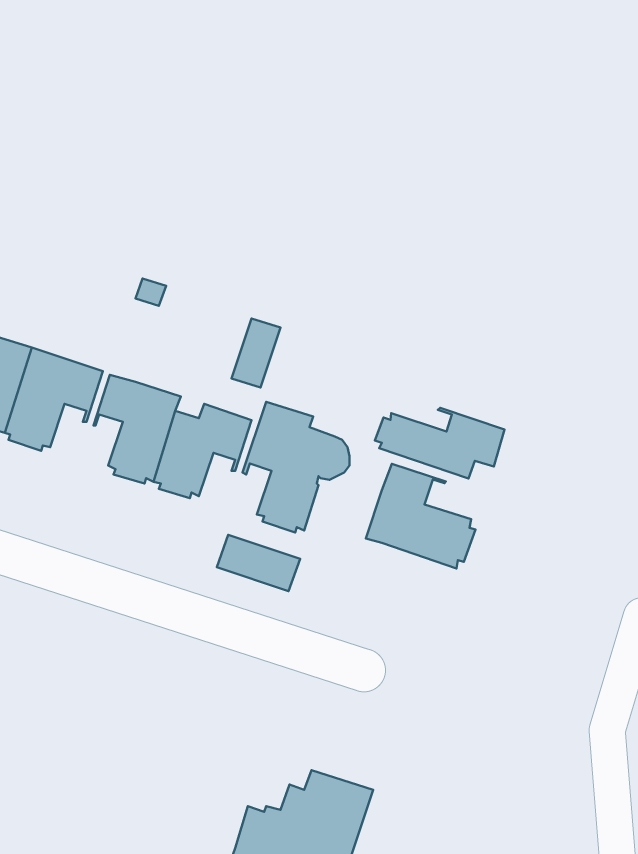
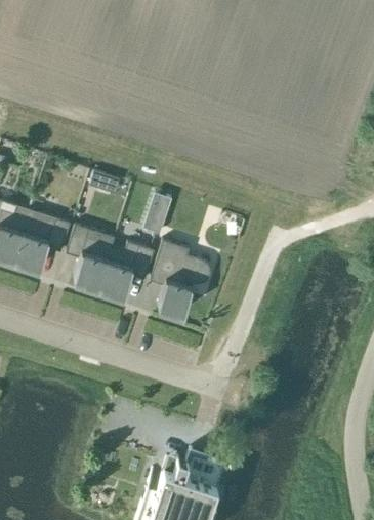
building: [375,408,505,479] -> none
building: [366,464,475,569] -> none
building: [217,535,300,591] -> none

